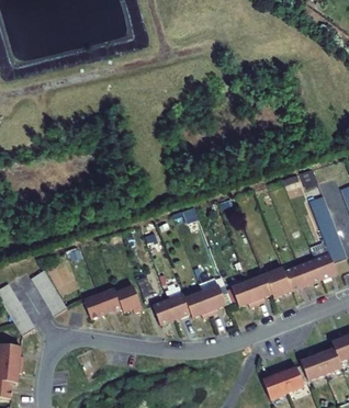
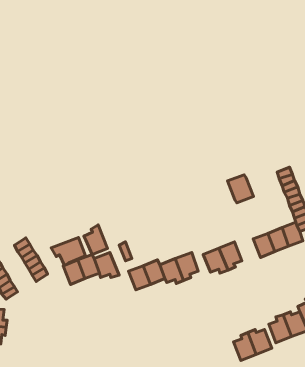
building: none -> [84,225,107,254]
building: [263,268,291,297] -> [227,175,253,203]
building: none -> [51,237,86,265]

